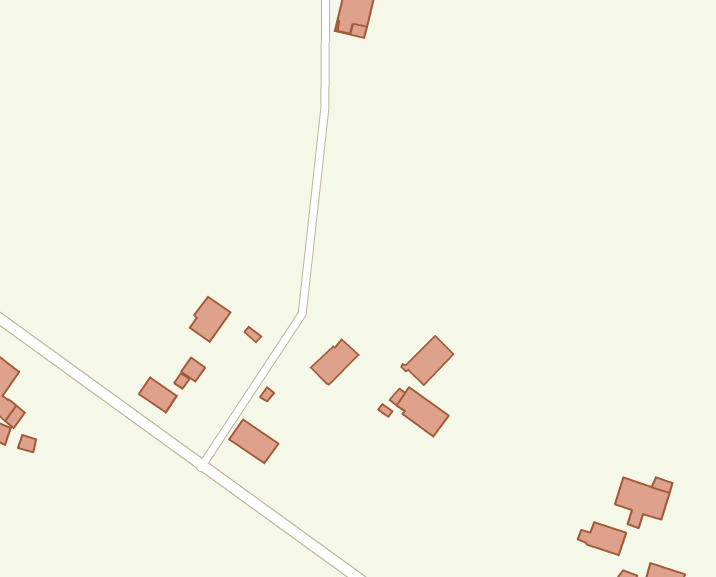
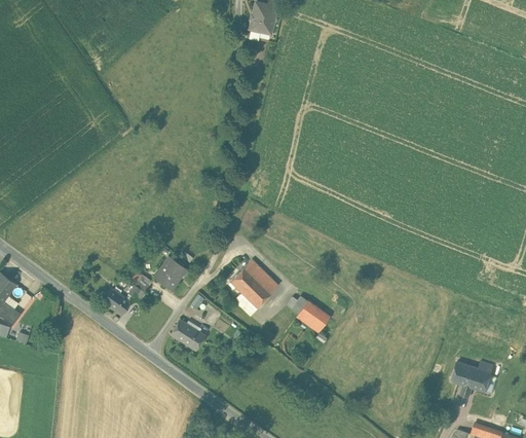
building: [190,297,231,342] -> [156,256,186,289]
building: [401,336,453,385] -> [239,271,277,307]
building: [578,522,626,555] -> none

